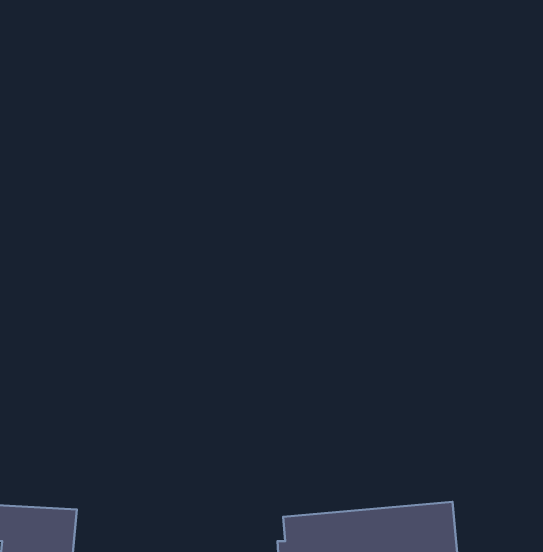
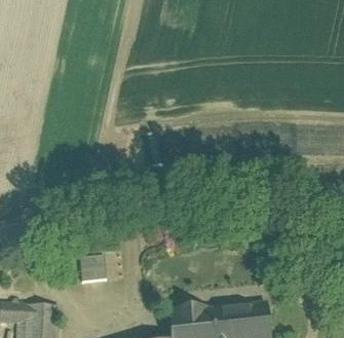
building: none -> [75,255,101,278]

